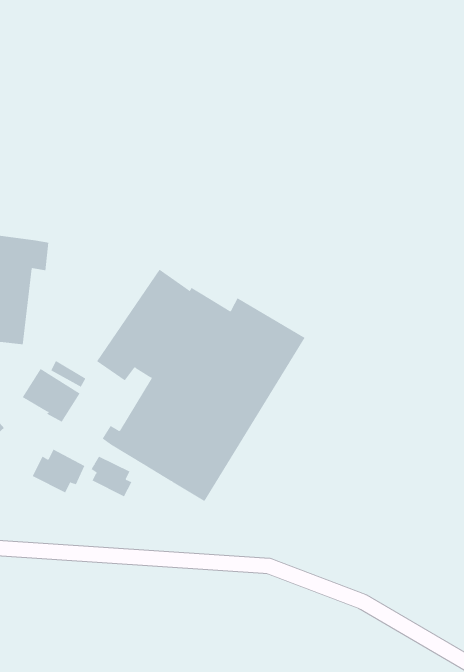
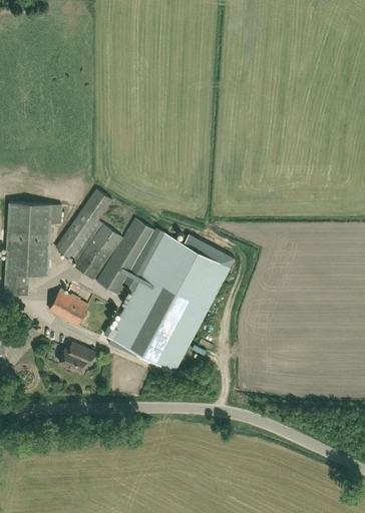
building: none -> [56,188,122,280]
building: [91,456,132,497] -> none

